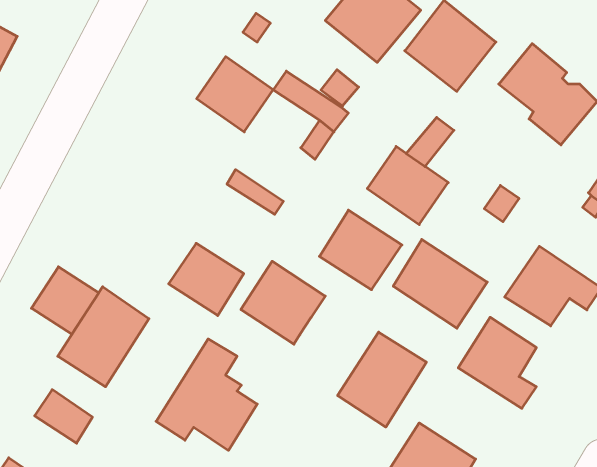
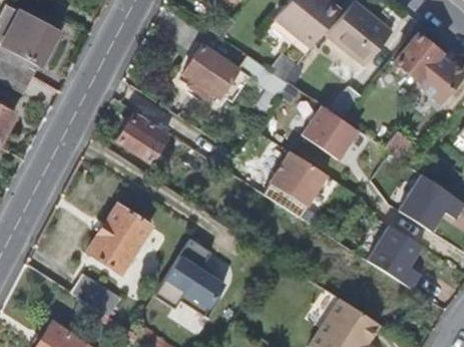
building: [393,239,487,328] -> none
building: [169,243,244,316] -> [117,111,169,161]
building: [241,261,325,344] -> none
building: [31,267,99,334] -> none
building: [338,332,426,427] -> none

